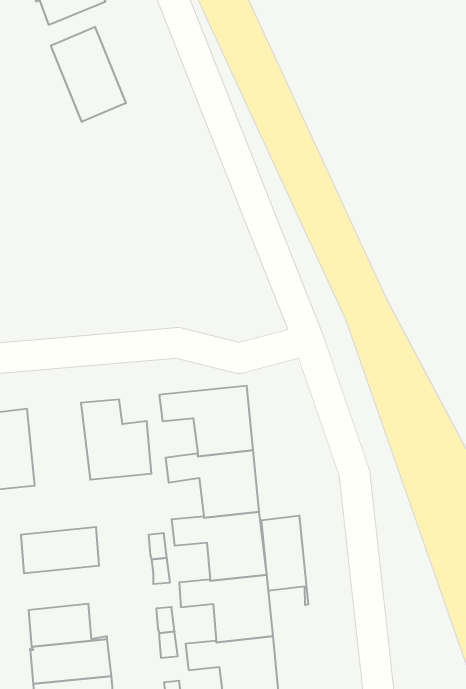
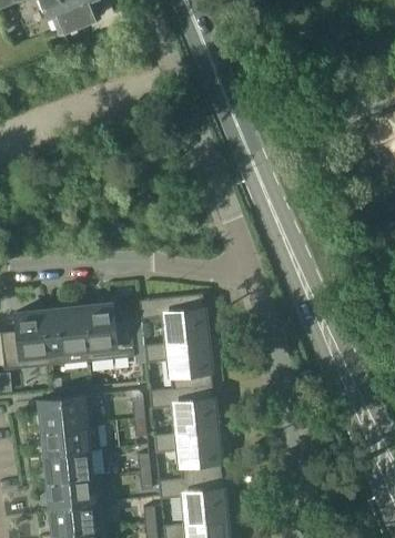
building: [51,27,126,122] -> none
building: none -> [44,306,90,366]
building: [261,515,308,605] -> none
building: none -> [42,424,100,456]

